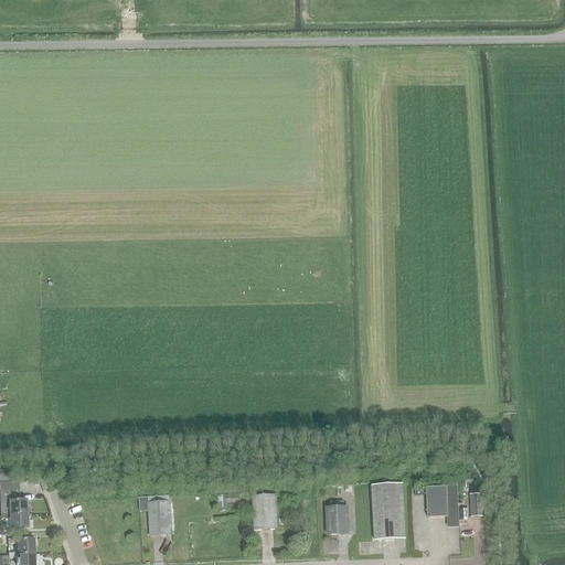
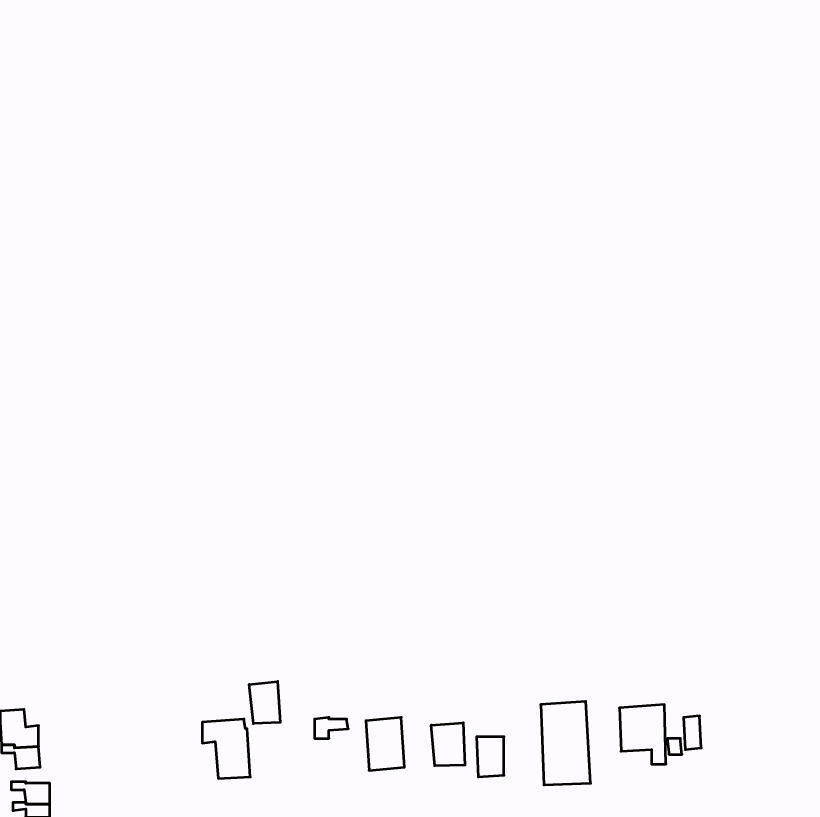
building: none -> [249,681,280,724]
building: none -> [431,723,465,766]

